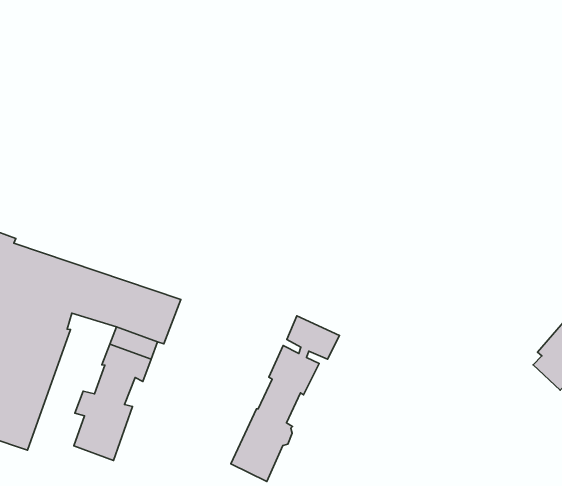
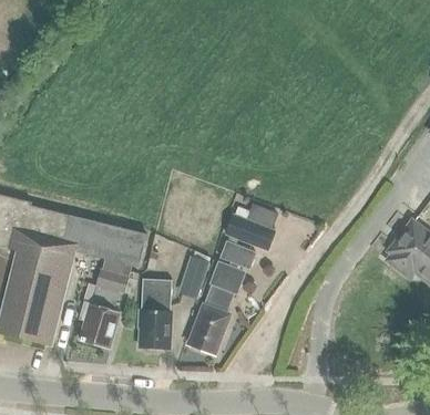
building: none -> [224,204,277,249]
building: none -> [176,255,208,299]
building: none -> [139,280,173,351]

